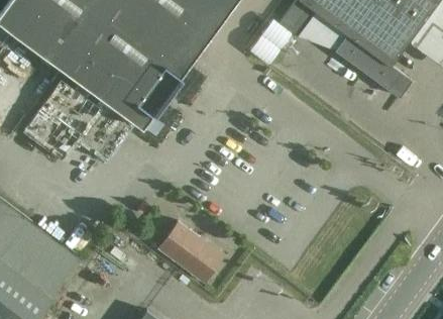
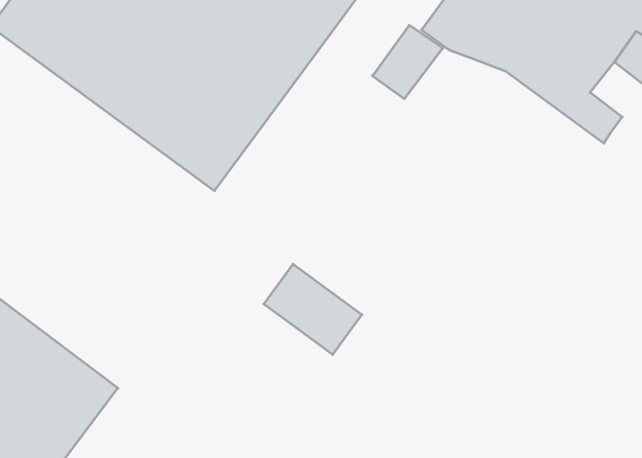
building: [160,222,225,282] -> [264,264,362,355]

